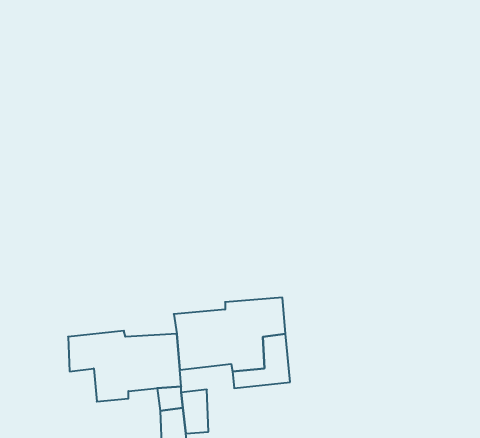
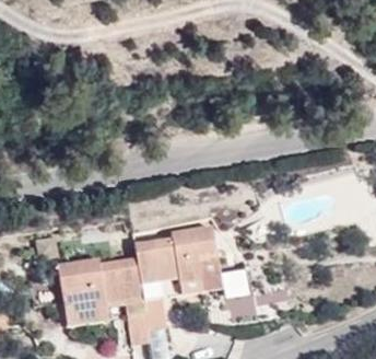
building: none -> [63,283,107,322]

